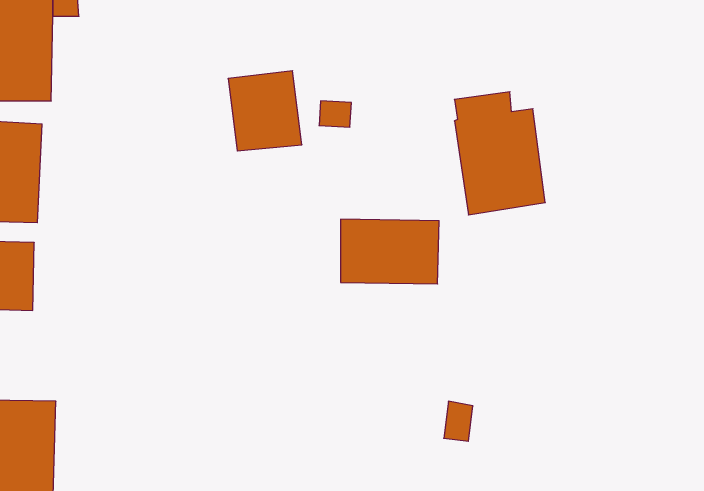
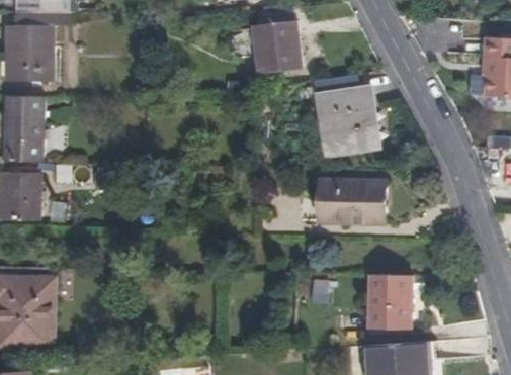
building: [228,71,302,151] -> [253,20,302,73]
building: [341,219,439,284] -> [320,180,385,222]
building: none -> [368,274,412,329]

